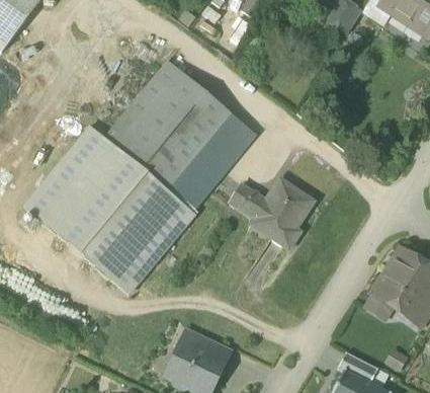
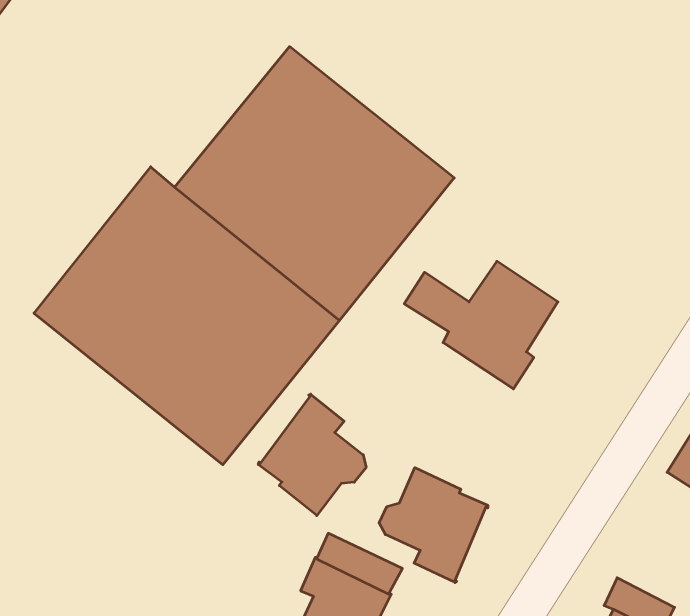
building: none -> [258,394,366,516]
building: none -> [379,468,488,583]

